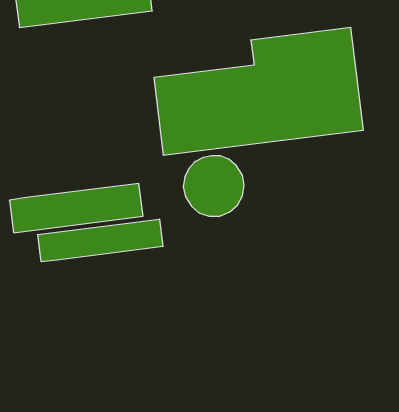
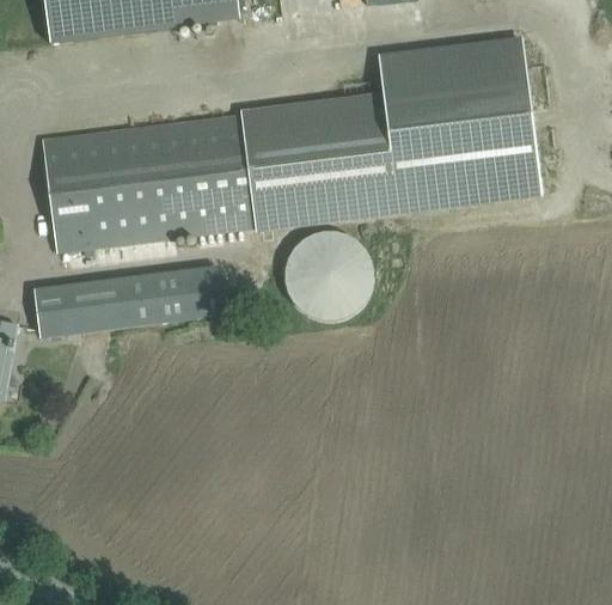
building: none -> [42,115,255,251]
building: [38,219,163,262] -> none

